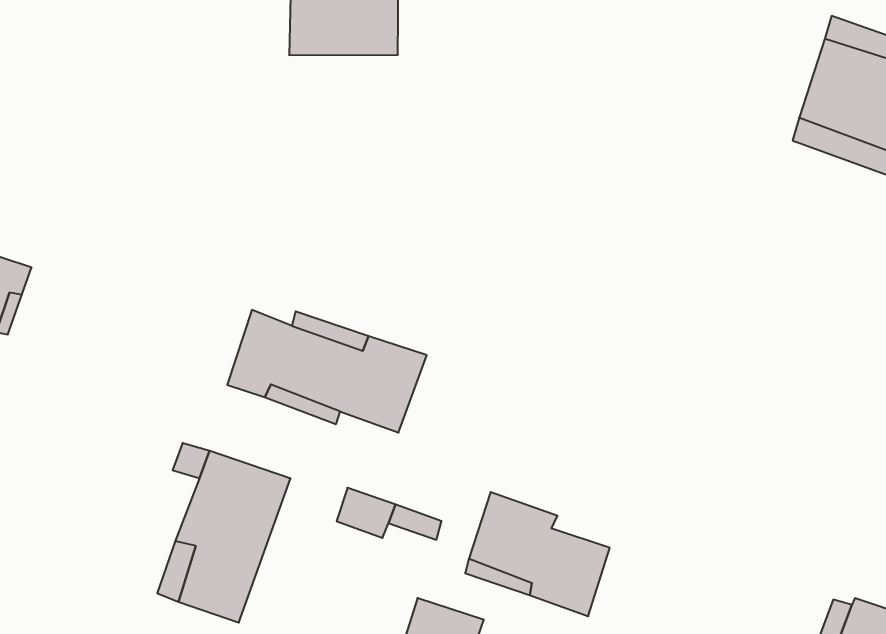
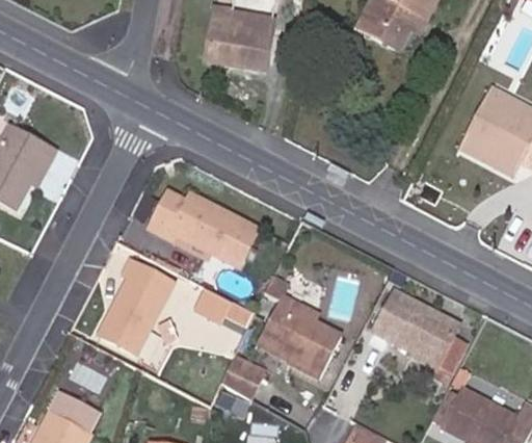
building: none -> [373,290,469,382]

